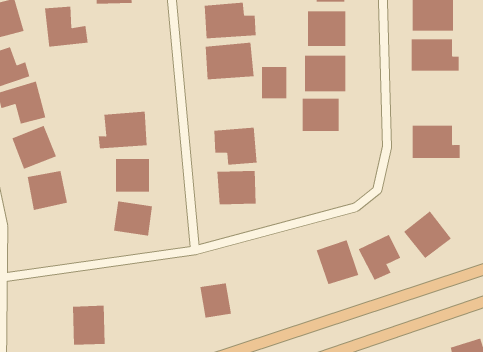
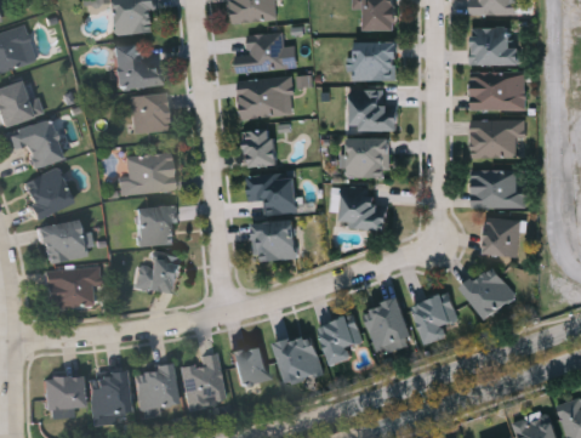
building: [44,6,88,47] -> [113,45,163,91]
building: none -> [129,93,167,135]
building: [261,67,287,99] -> [245,130,274,166]
building: none -> [469,119,522,158]
building: none -> [338,187,388,231]
building: none -> [483,217,520,257]
building: none -> [45,273,99,309]
building: none -> [319,315,361,365]
building: none -> [274,334,321,383]
building: none -> [180,354,224,410]
building: none -> [133,368,175,411]
building: none -> [42,377,81,410]

